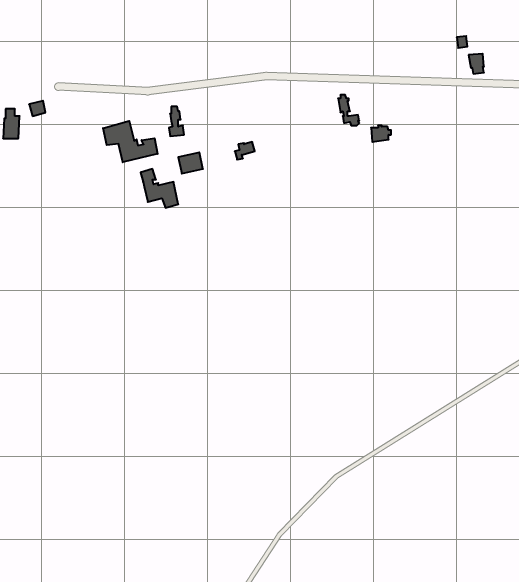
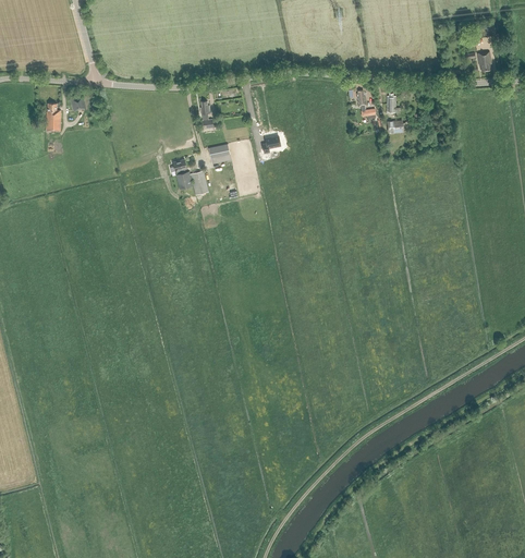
building: [103,121,158,162] -> none

